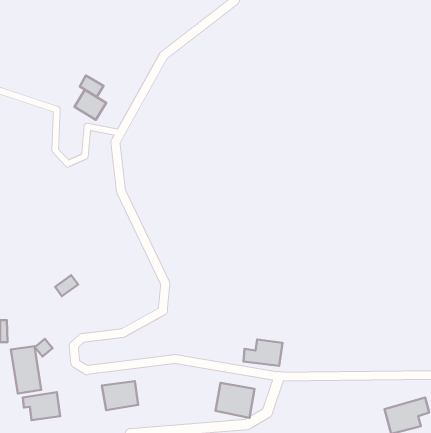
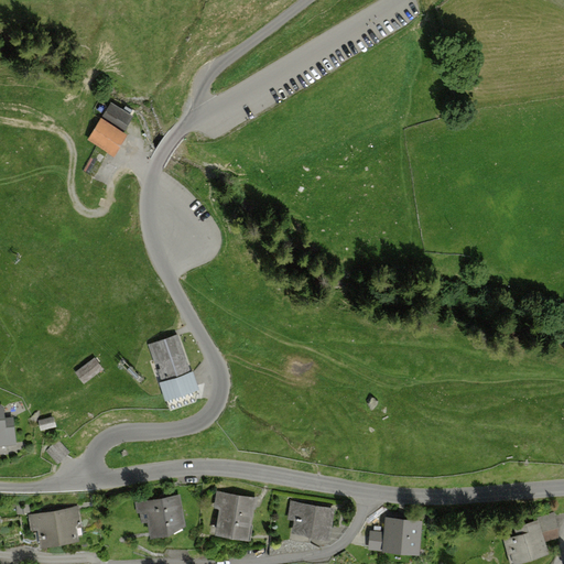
building: none -> [152,330,203,397]
building: [244,340,283,366] -> [367,518,417,552]
building: [11,346,41,394] -> none
building: none -> [208,491,254,542]

